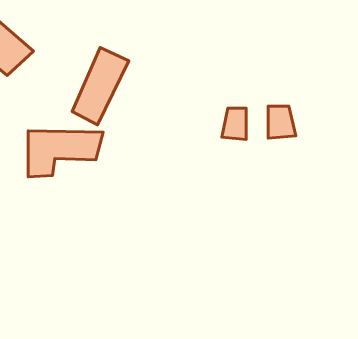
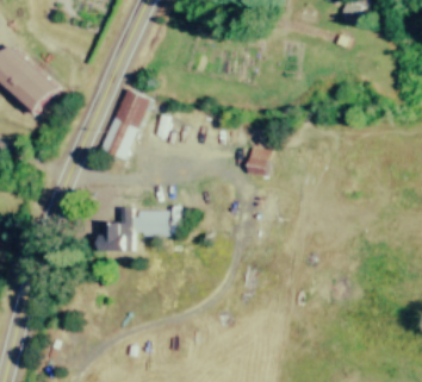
building: [268,106,296,138] -> none
building: [28,131,103,177] -> [108,206,182,251]

